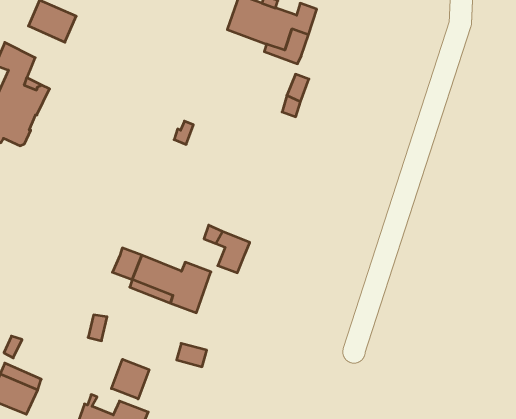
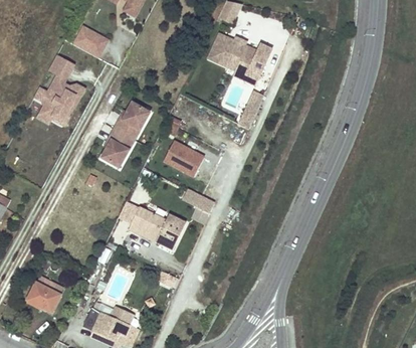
building: none -> [101,102,150,167]
building: none -> [164,140,205,176]
building: [111,359,149,399] -> none

